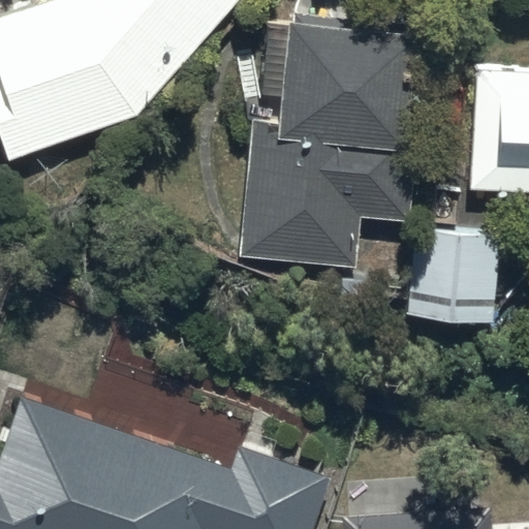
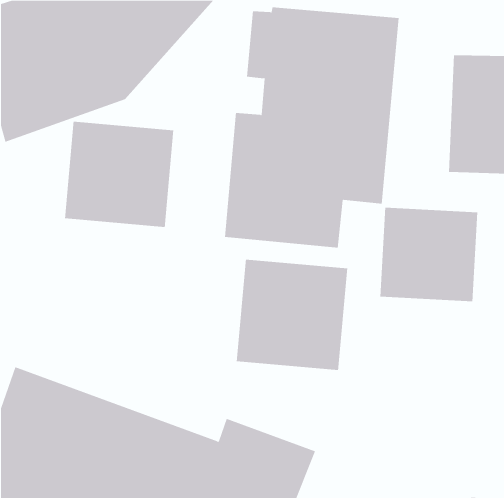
building: none -> [65,121,174,228]
building: none -> [236,259,348,371]

